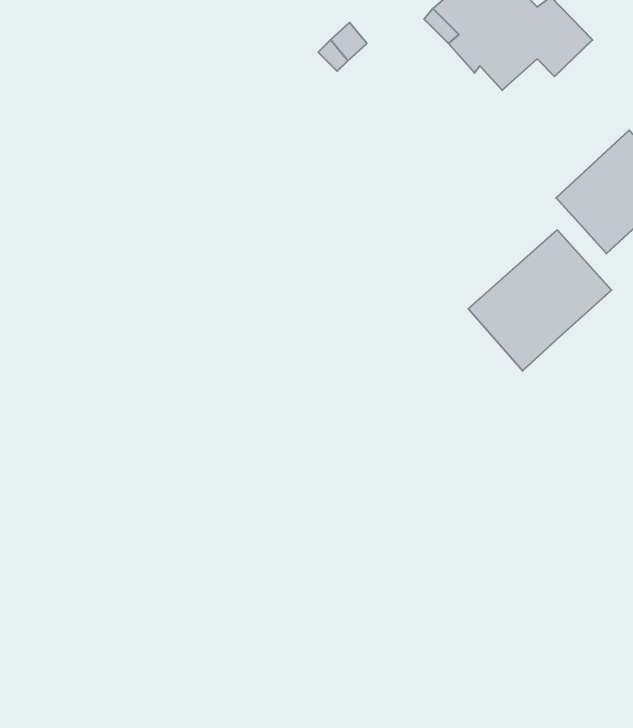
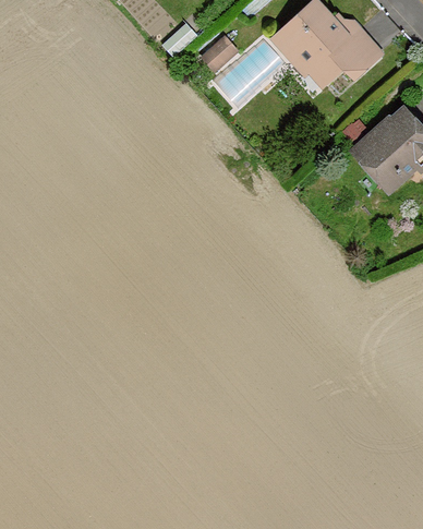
building: [468,230,612,371] -> none

